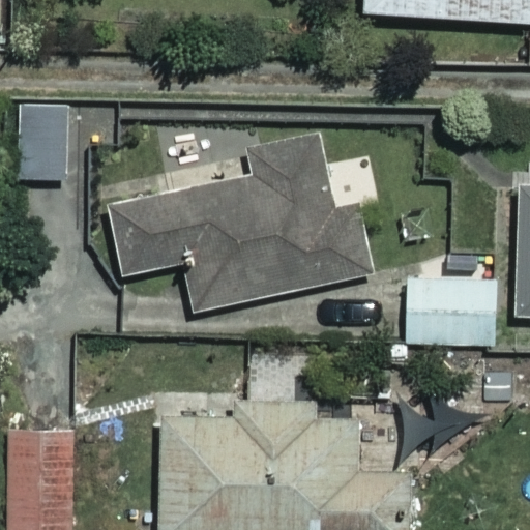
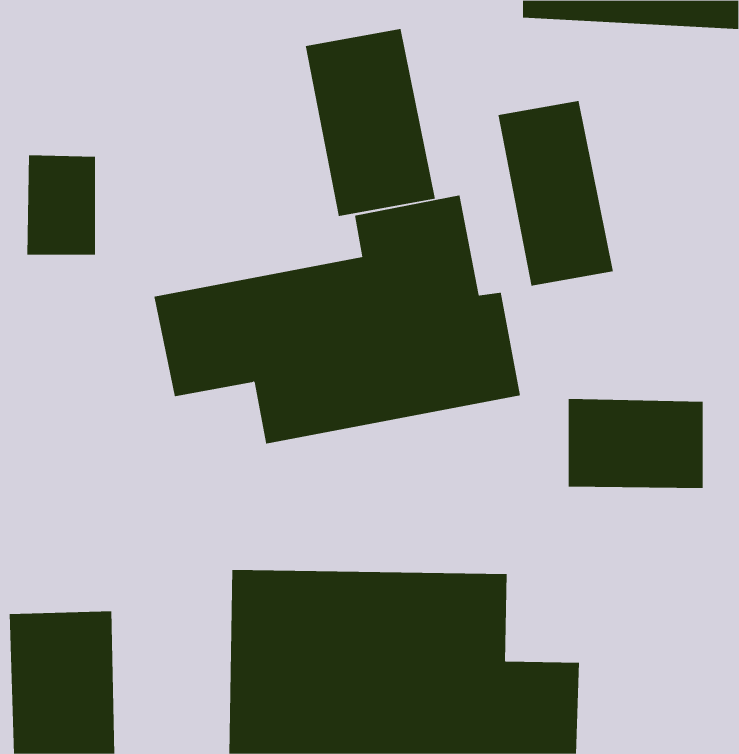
building: none -> [305,28,436,217]
building: none -> [498,100,613,287]

